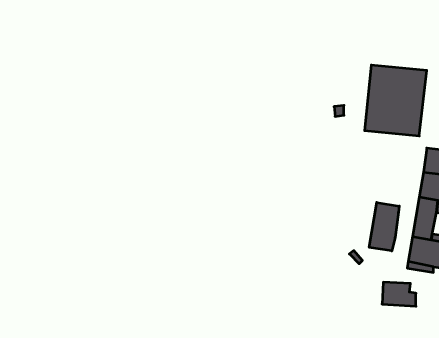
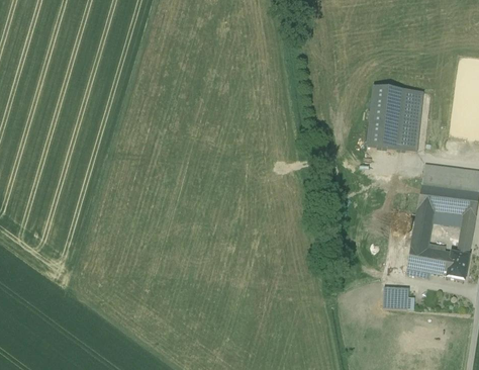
building: [369,202,399,251] -> none

